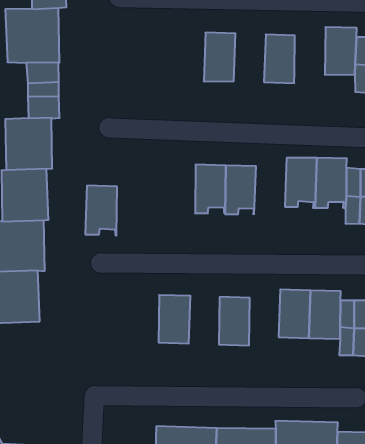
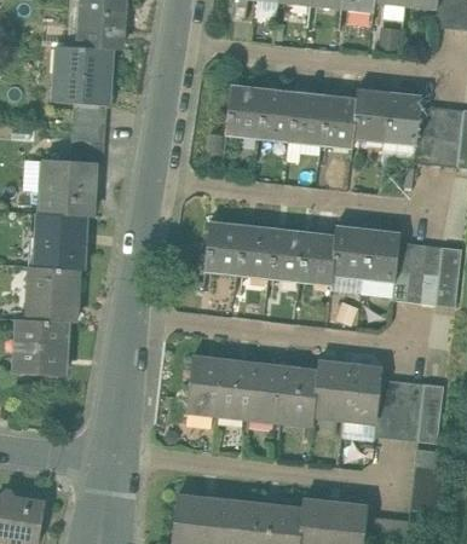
building: none -> [353,89,390,143]
building: none -> [225,85,264,139]
building: none -> [289,92,327,145]
building: none -> [299,232,336,285]
building: [85,186,117,235] -> [204,221,242,276]
building: none -> [219,361,255,415]
building: none -> [282,369,318,422]

